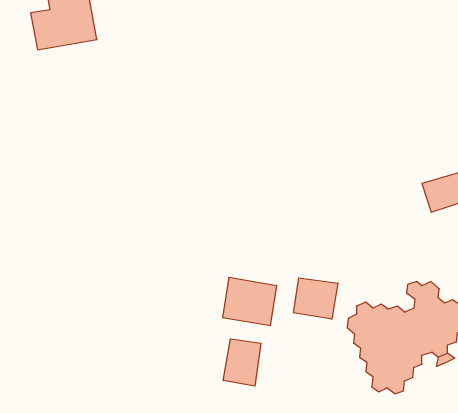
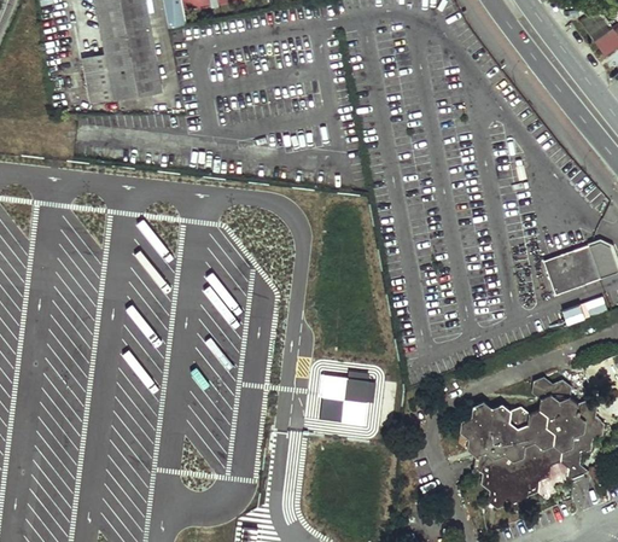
building: [293,278,338,319] -> none
building: [223,339,261,386] -> none

